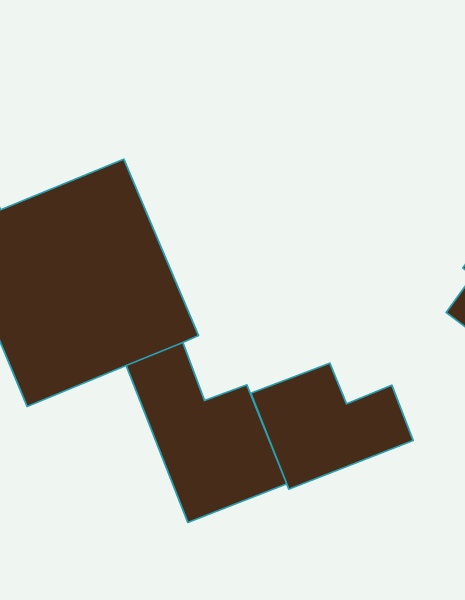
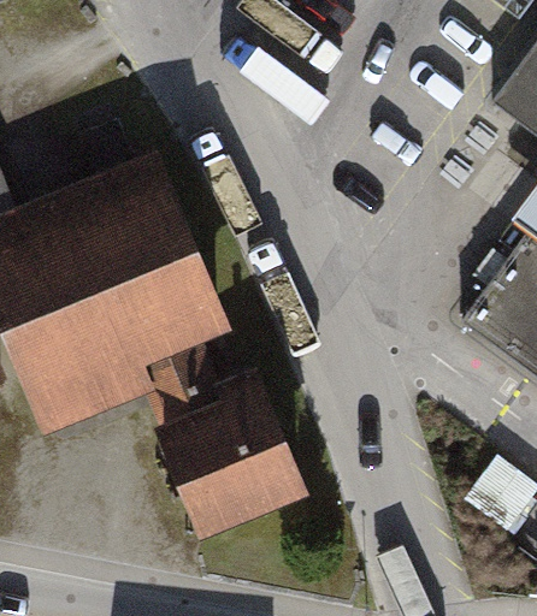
building: [251,363,413,489] -> none

